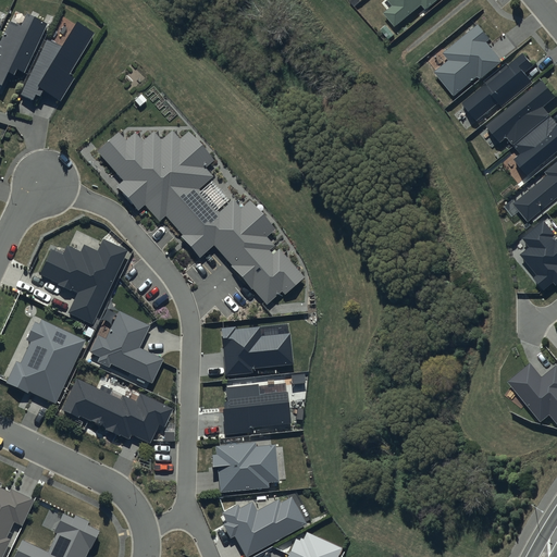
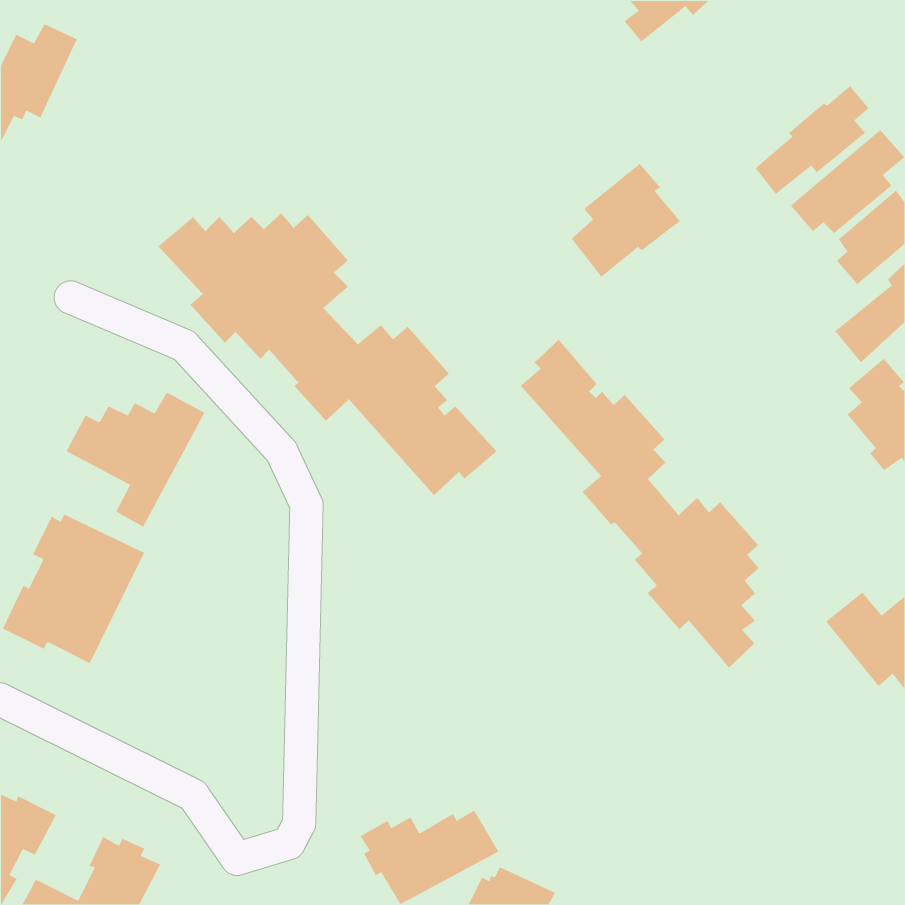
building: [20,22,95,100] -> none
building: [435,25,503,96] -> [571,163,681,278]
building: none -> [520,339,760,668]
building: [89,311,164,384] -> none
building: [221,326,293,375] -> none
building: [61,377,174,444] -> none
building: [222,383,292,434] -> none
building: [212,443,280,493] -> none

